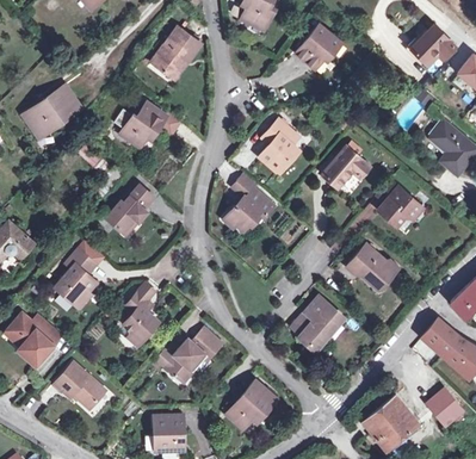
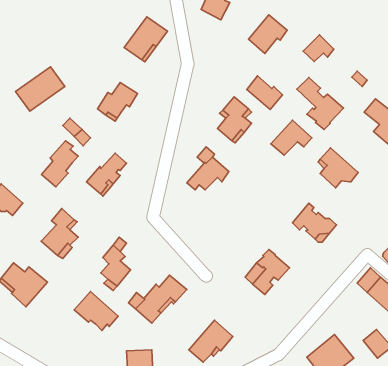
building: [414,30,450,61] -> [303,35,334,61]
building: none -> [247,76,282,109]
building: none -> [297,77,344,130]
building: none -> [41,141,78,187]
building: [54,361,105,407] -> [74,291,118,330]

